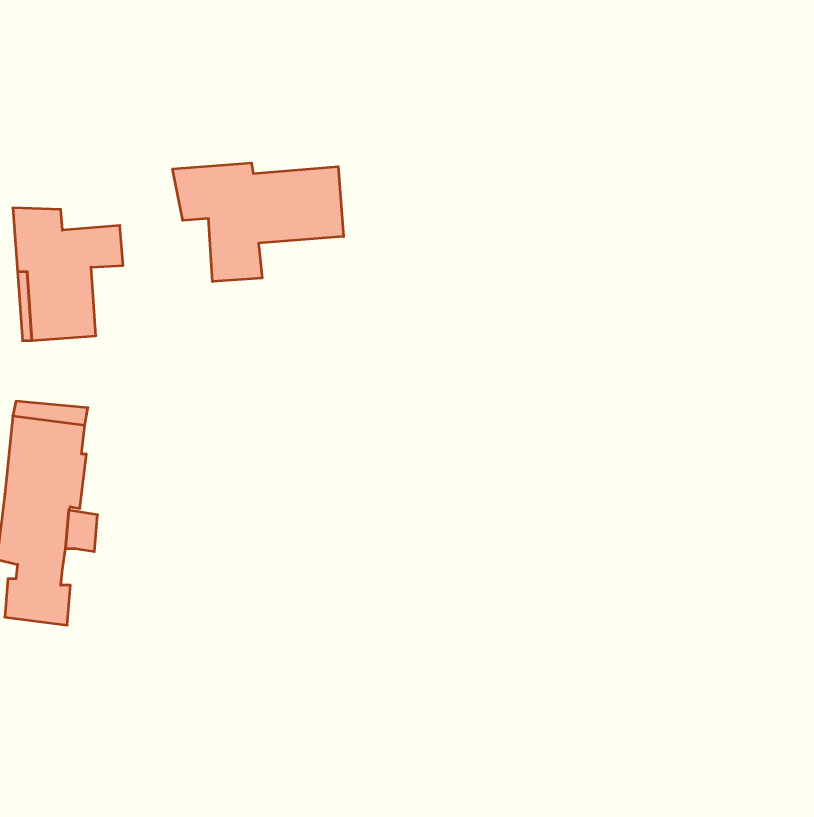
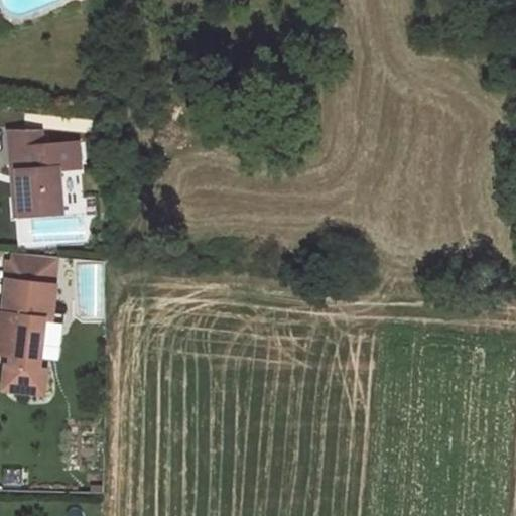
building: [173,163,344,282] -> none

